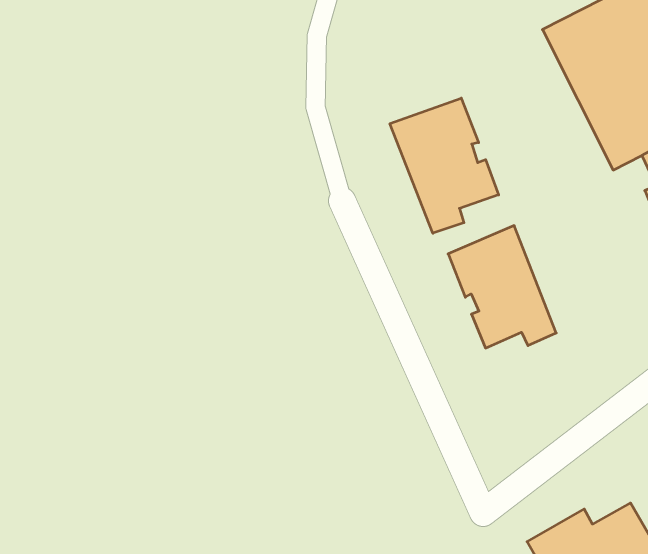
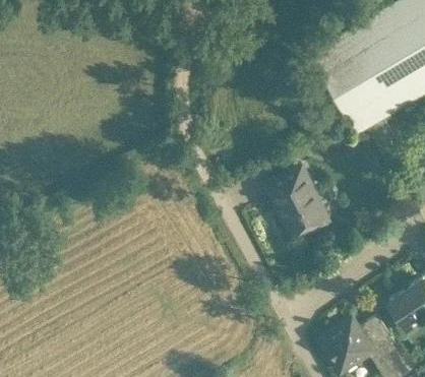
building: [390,98,499,233] -> none

